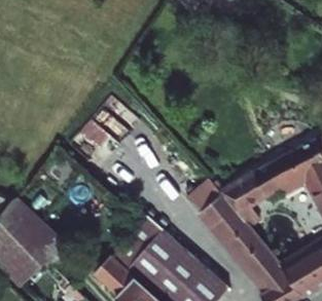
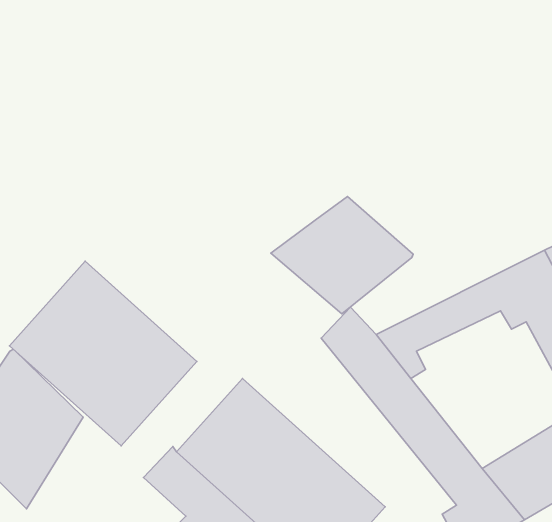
building: none -> [271,197,413,314]
building: none -> [10,261,197,446]

